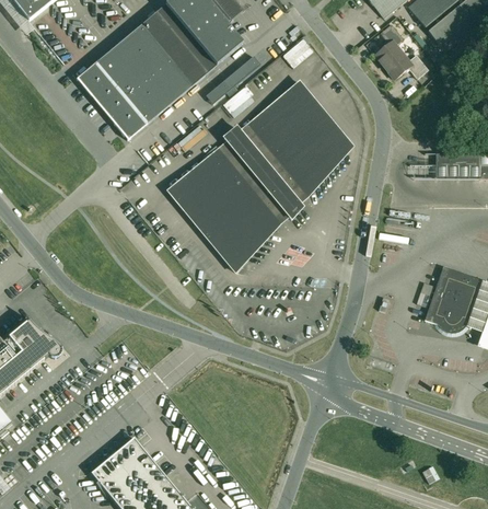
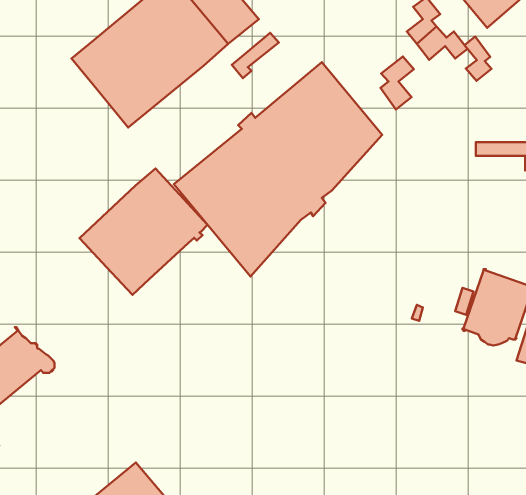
building: none -> [464,37,491,81]
building: none -> [381,57,414,109]
building: none -> [79,168,207,295]

